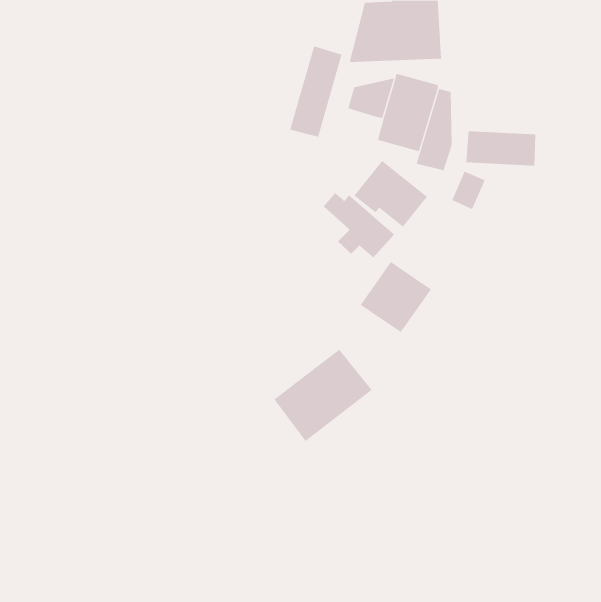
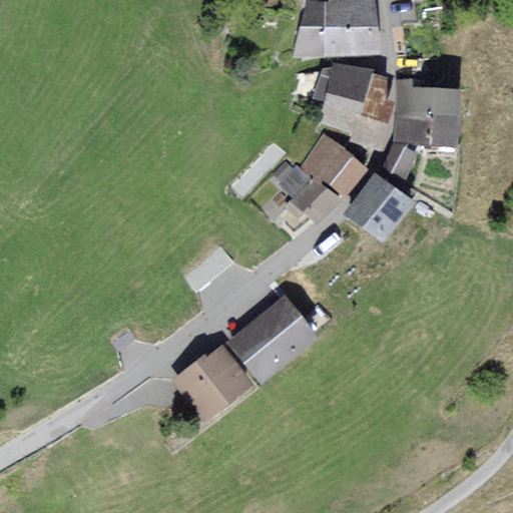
building: [290,45,342,137] -> none
building: none -> [398,79,458,114]
building: [360,261,432,333] -> [349,176,410,237]
building: none -> [175,347,249,416]

